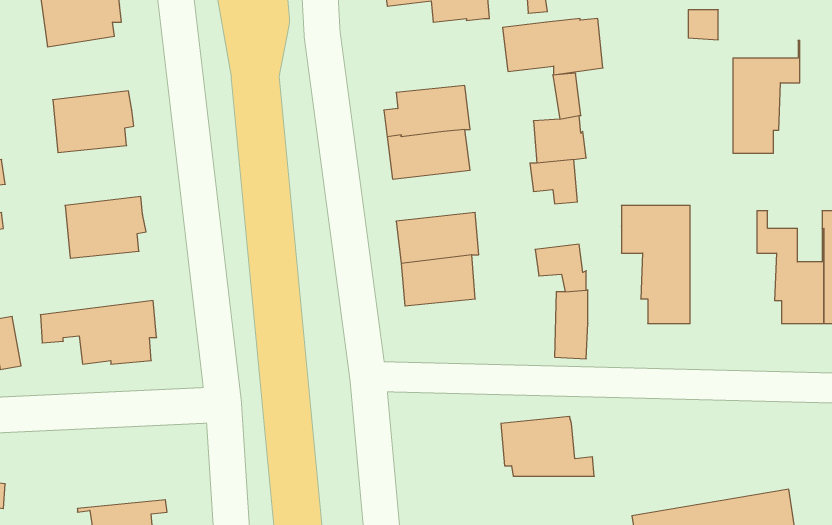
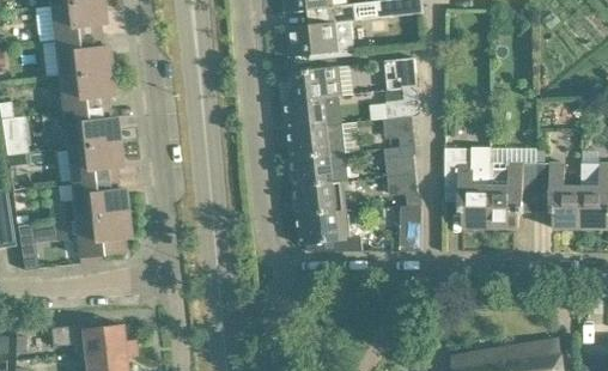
building: [503,19,603,75] -> [287,20,355,59]
building: none -> [55,32,110,75]
building: [733,40,800,153] -> [492,151,537,227]
building: none -> [62,107,118,147]
building: none -> [290,123,346,158]
building: none -> [385,145,417,177]
building: none -> [48,178,127,221]
building: [501,416,594,476] -> [299,211,363,251]
building: none -> [50,323,135,353]

